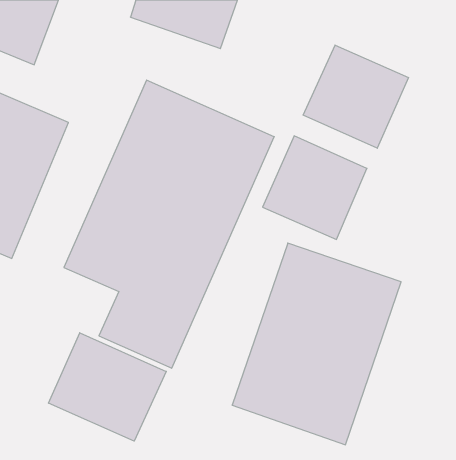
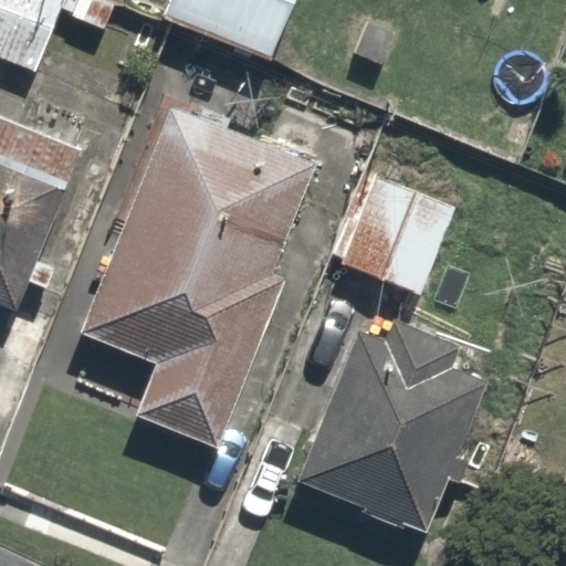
building: [303,45,409,148] -> none
building: [49,333,166,441] -> none

